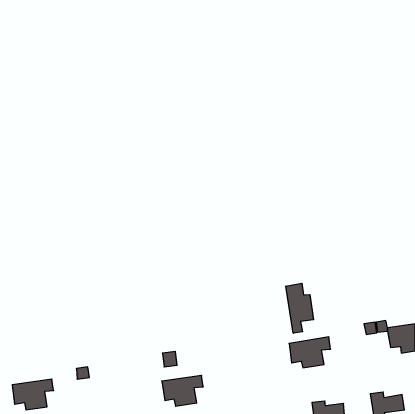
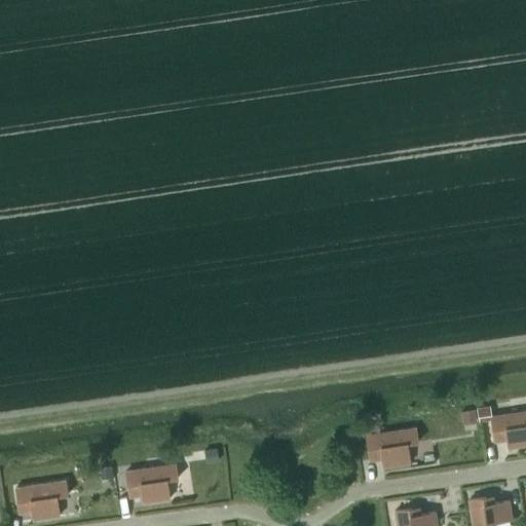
building: [286,283,313,333] -> none
building: [162,375,203,406] -> [125,464,178,503]

